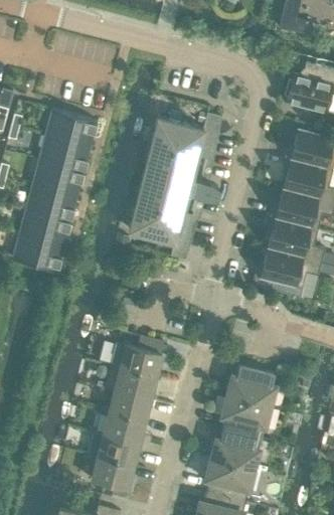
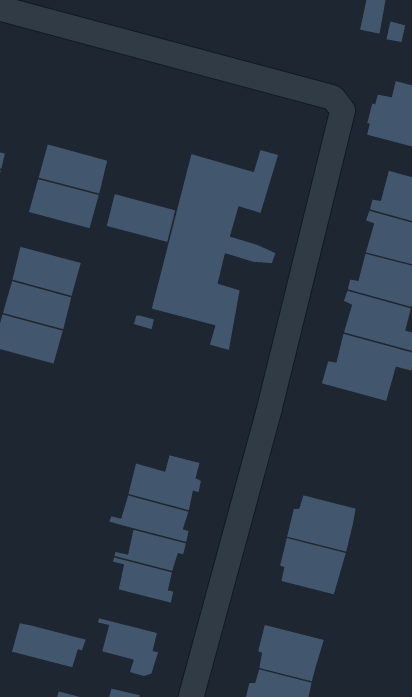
building: [31,160,82,196] -> [106,193,176,243]
building: [209,428,261,471] -> none
building: [87,433,142,466] -> [11,622,87,668]

